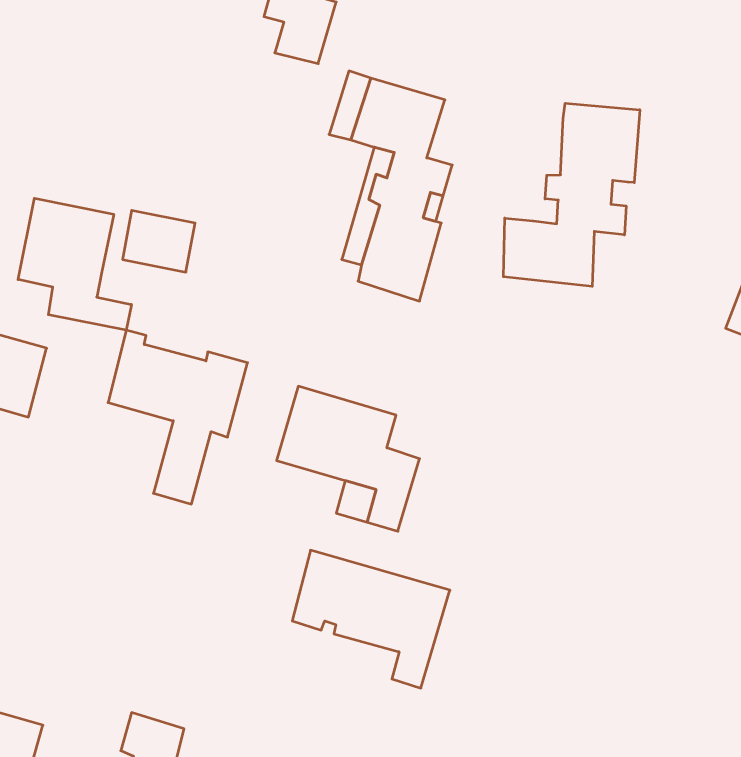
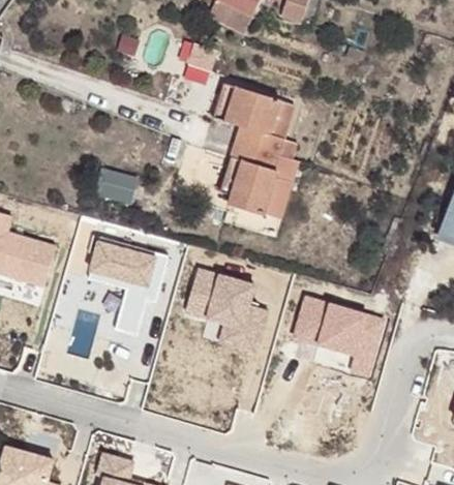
building: [503,103,640,286] -> none
building: [18,198,131,330] -> none
building: [292,550,450,688] -> [296,295,386,373]

